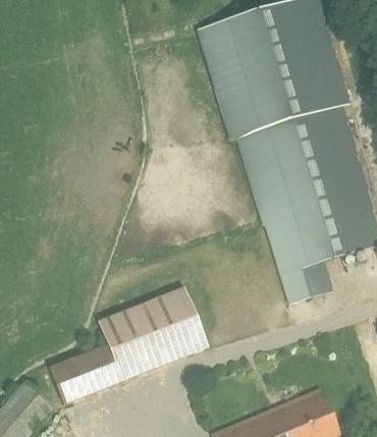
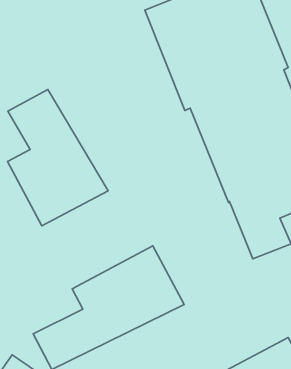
building: none -> [8,90,108,226]

